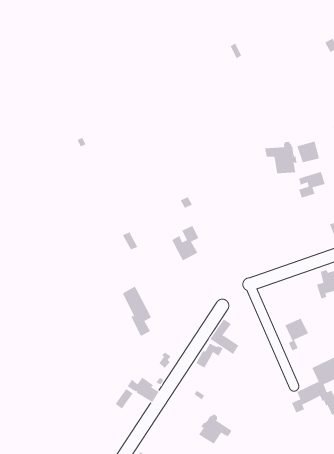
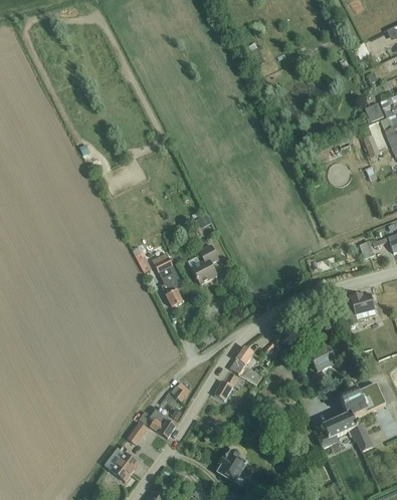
building: [265,141,297,174] -> none
building: [298,171,325,199] -> none
building: [122,286,152,337] -> [152,252,184,307]
building: none -> [111,453,139,481]

